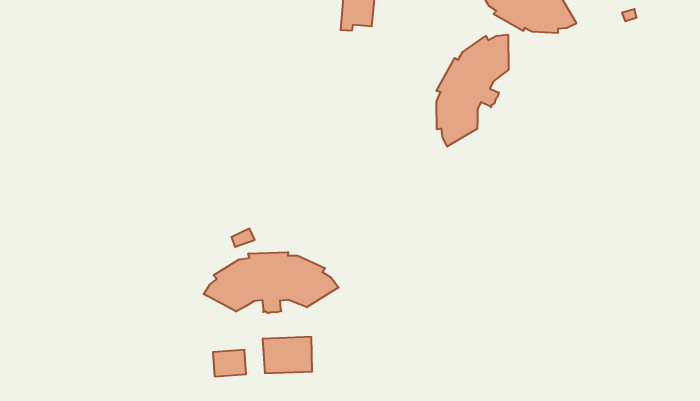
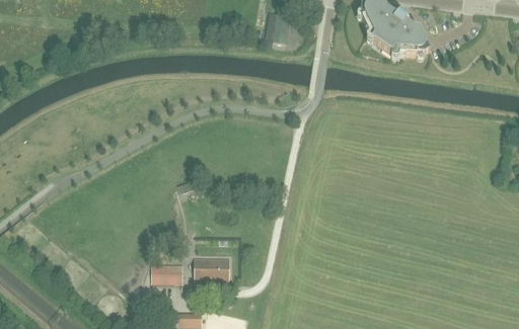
building: [436,35,508,147] -> none
building: [204,252,339,313] -> none

